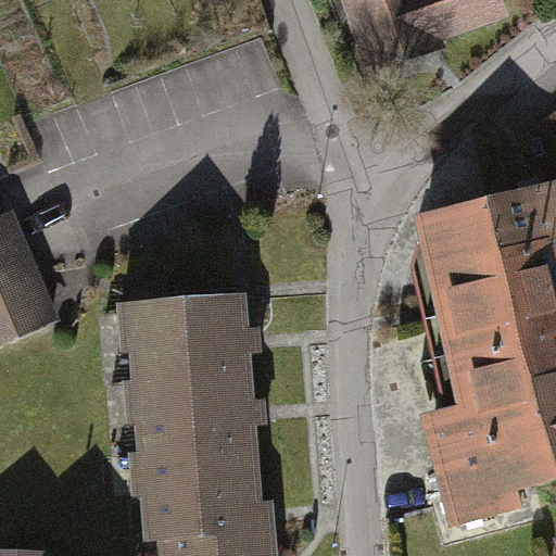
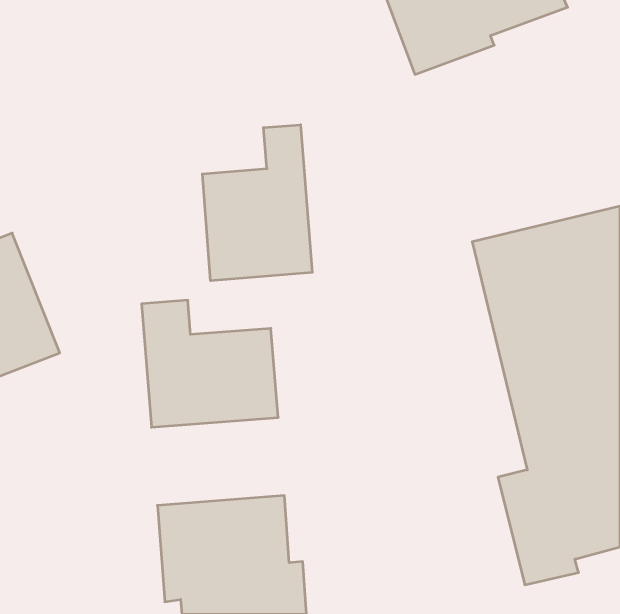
building: none -> [202,125,312,281]
building: [135,371,253,450] -> none

